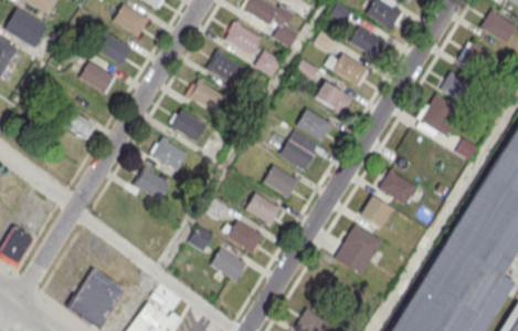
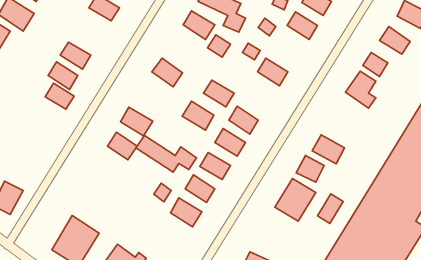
building: [96,32,131,65] -> [48,62,78,90]
building: [332,52,368,84] -> none
building: [208,53,243,85] -> none
building: [296,108,332,141] -> [204,80,234,107]
building: [169,110,207,144] -> [182,101,214,130]
building: none -> [136,136,196,172]
building: none -> [317,194,343,223]

